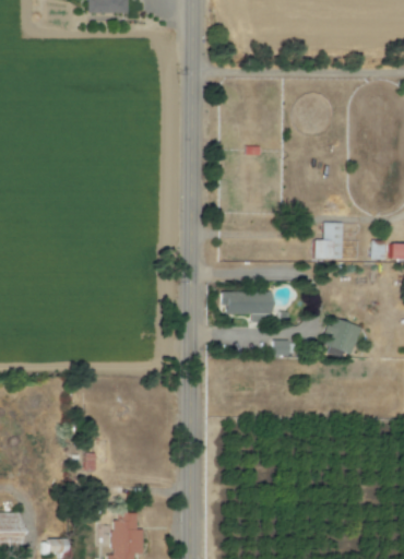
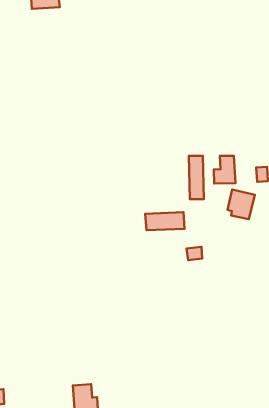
building: none -> [189,156,204,199]
building: [323,318,360,358] -> [228,190,255,219]

